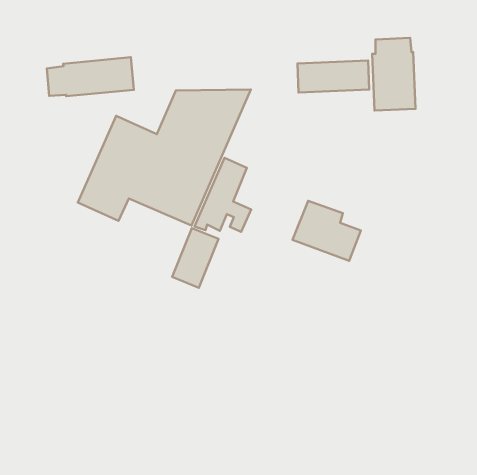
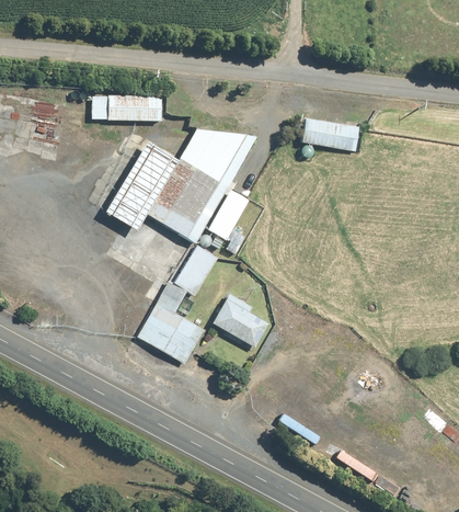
building: [372,38,416,111] -> none
building: [292,201,361,261] -> [210,292,268,346]
building: none -> [136,282,205,363]

